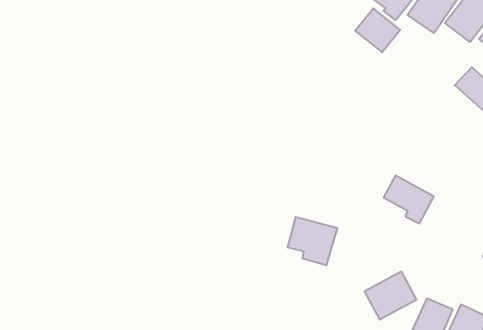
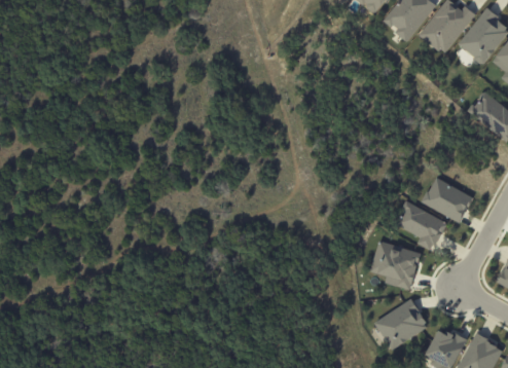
building: [355,8,400,52] -> none
building: none -> [423,176,474,222]
building: [287,217,338,265] -> [370,241,422,290]

